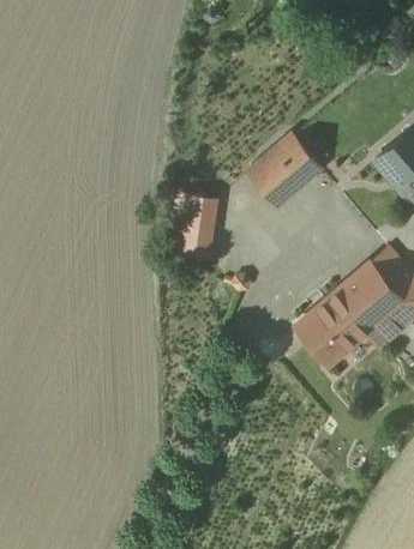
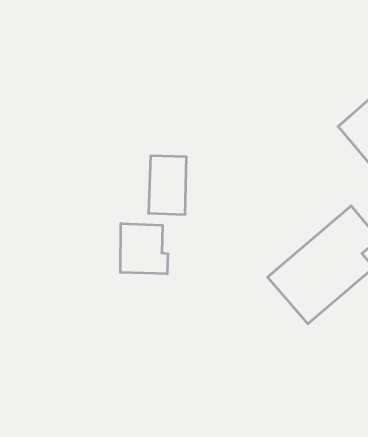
building: [251,134,320,203] -> none
building: none -> [120,223,168,274]

